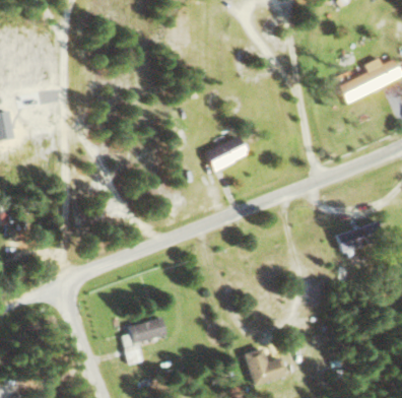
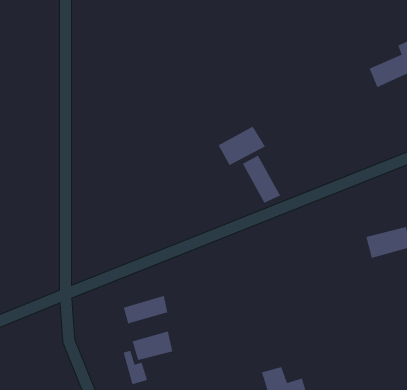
building: none -> [242,155,281,204]
building: none -> [123,295,168,324]

